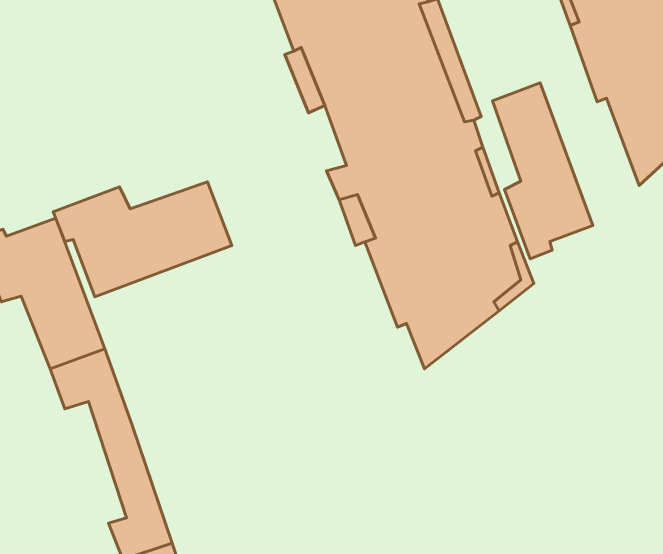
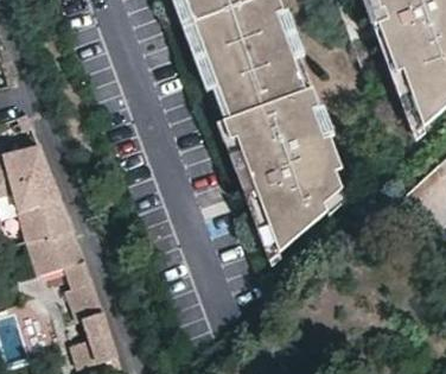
building: [493,83,593,259] -> none
building: [53,182,232,297] -> none

